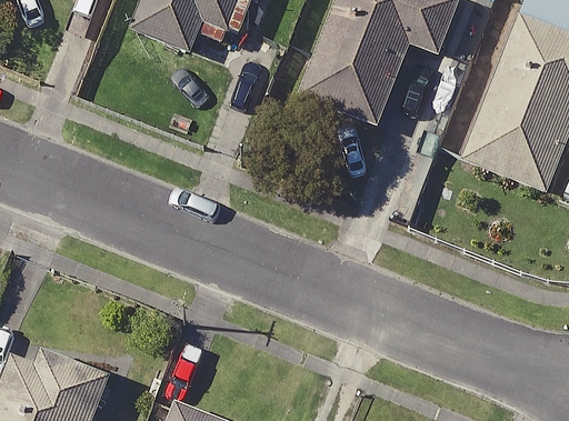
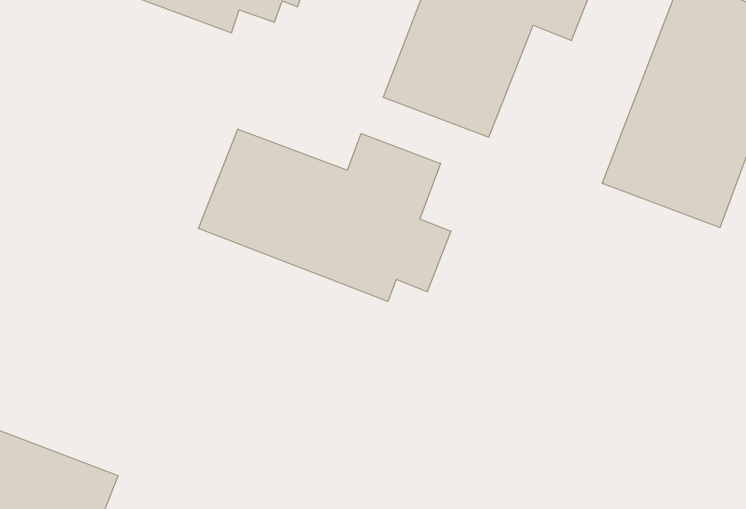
building: none -> [199,129,451,301]

